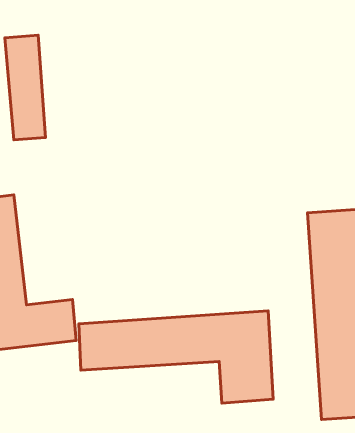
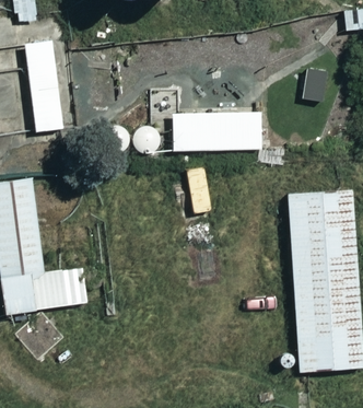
building: none -> [174,112,264,150]
building: [79,311,273,403] -> none

